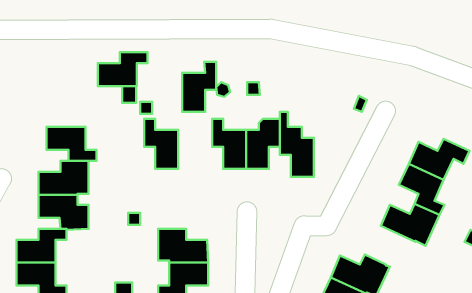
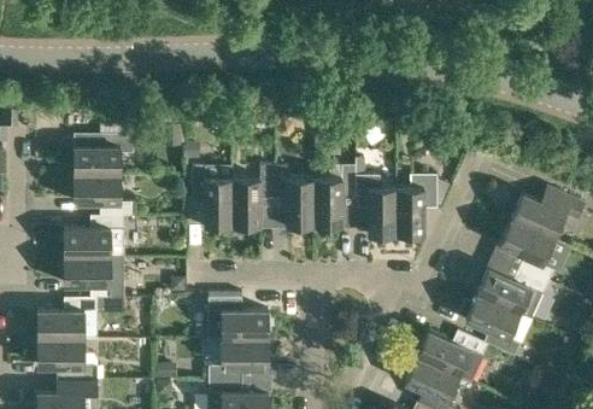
building: [98,52,148,86] -> [74,135,134,176]
building: [182,62,216,112] -> [233,166,274,227]
building: none -> [397,176,438,236]
building: none -> [460,296,519,357]

